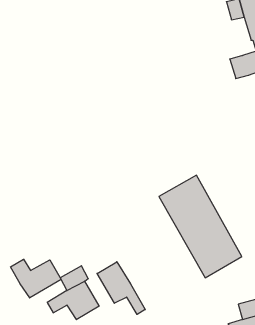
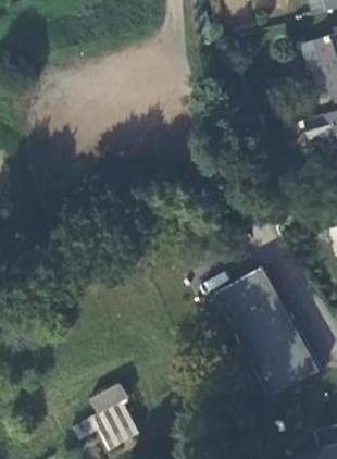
building: [11,259,61,298] -> none
building: [97,262,145,314] -> none

